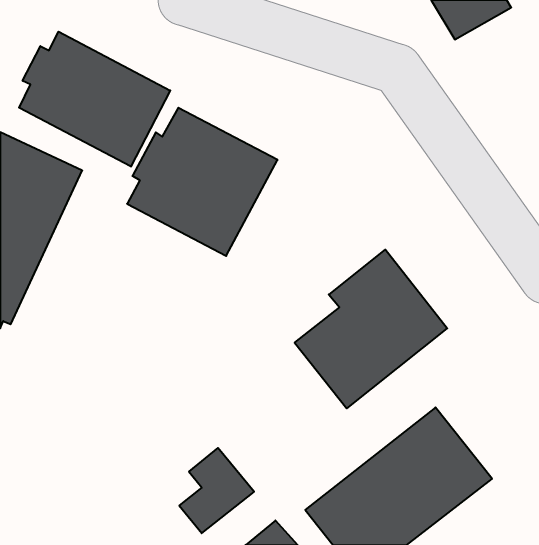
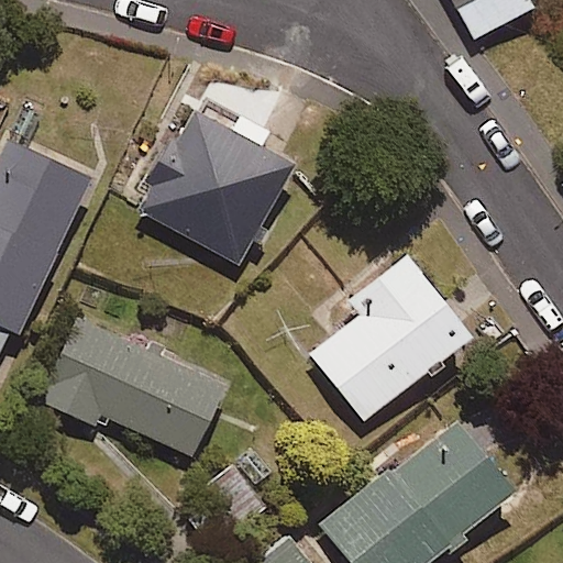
building: [19,32,170,167] -> none
building: none -> [34,316,224,457]

